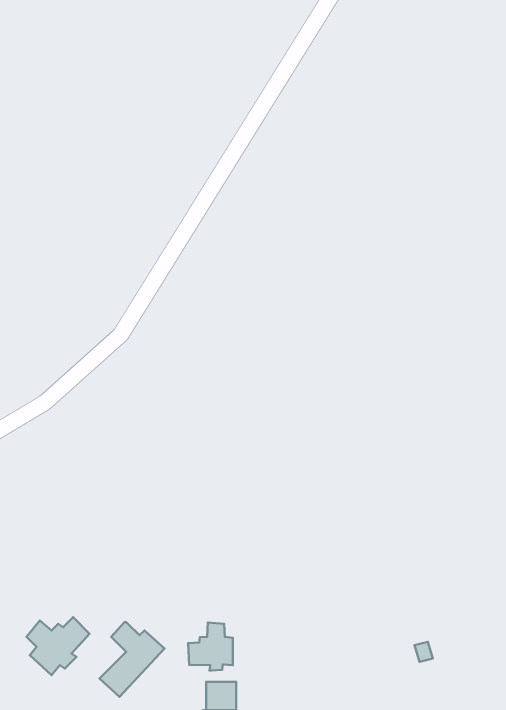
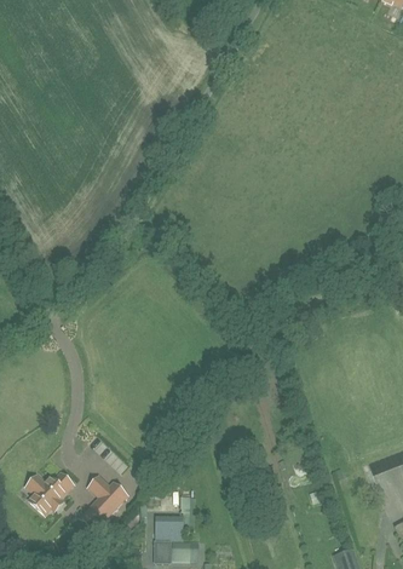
building: [188,622,233,671] -> none

